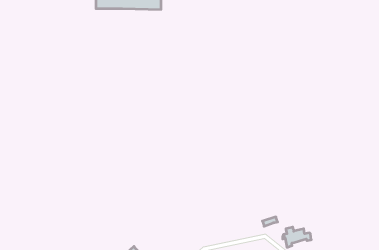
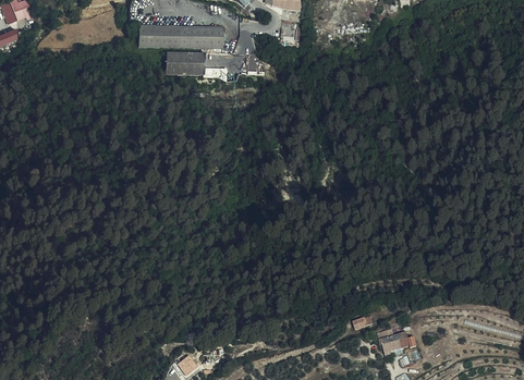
building: none -> [166,51,205,73]

